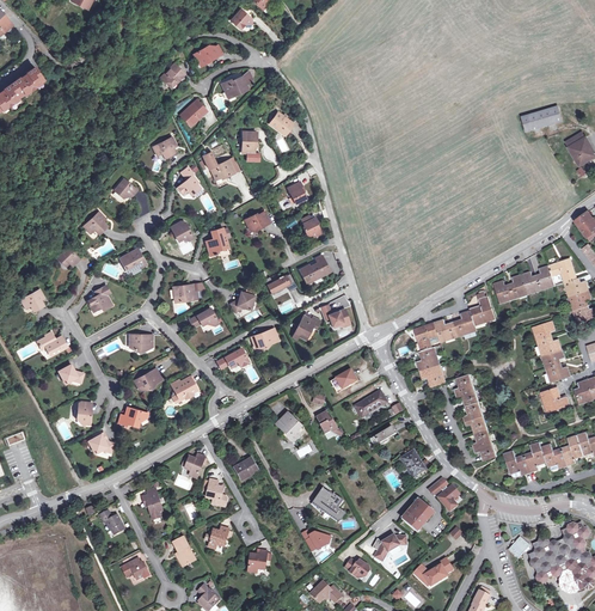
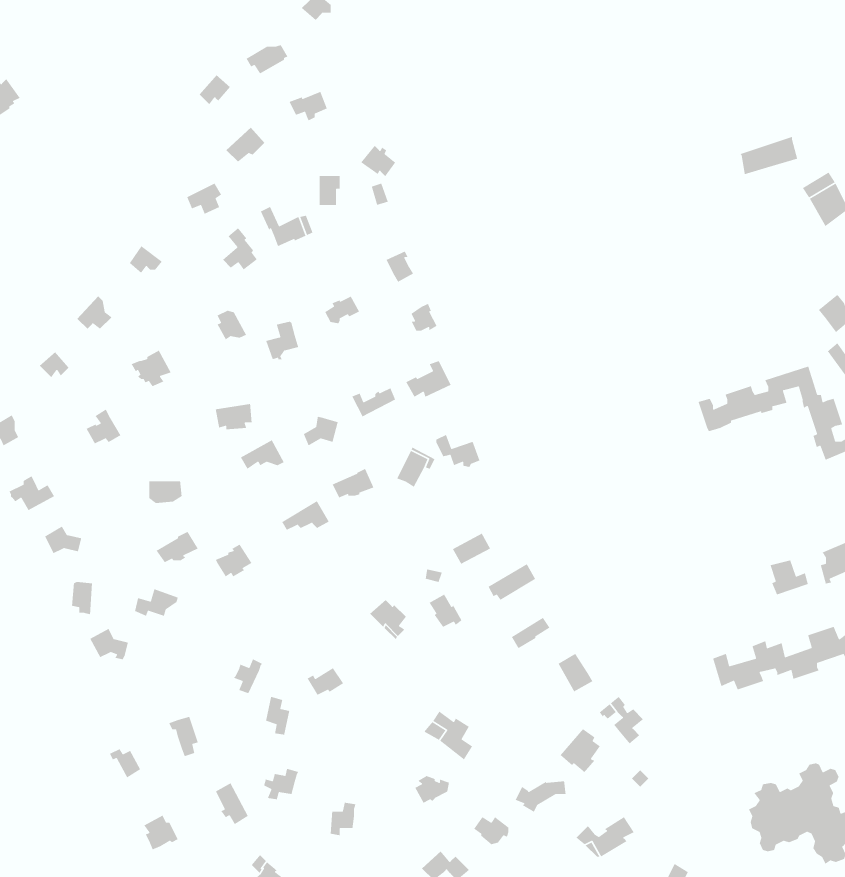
building: [415,295,495,386] -> none
building: [534,320,570,381] -> none
building: [454,374,497,459] -> none

